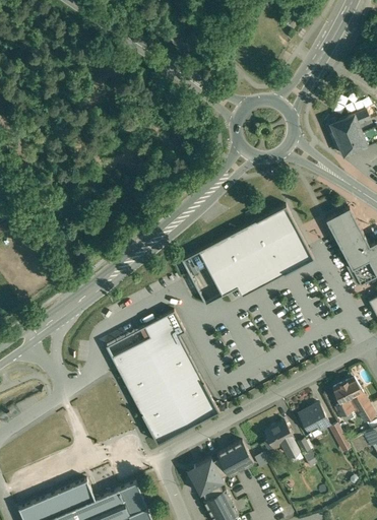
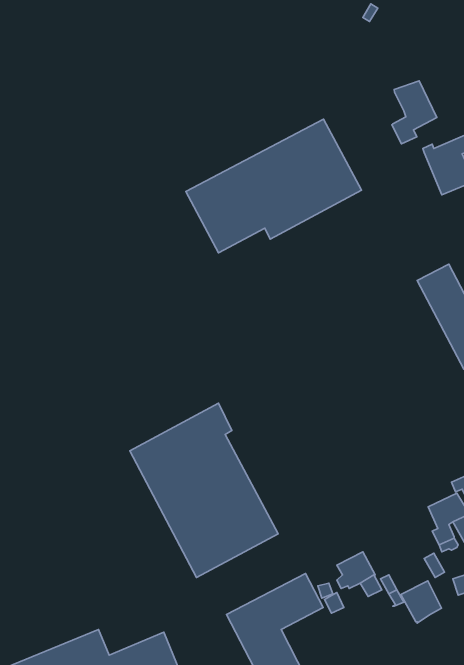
building: none -> [392,81,437,144]
building: [183,206,314,306] -> [186,119,362,253]
building: [298,404,328,436] -> [401,581,442,623]

